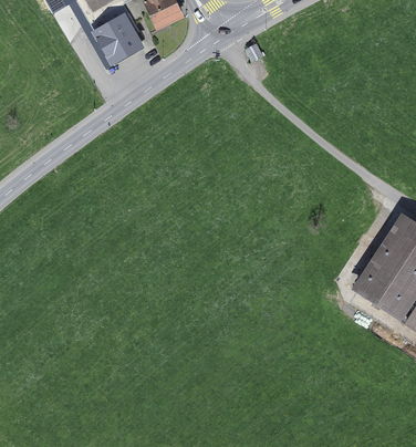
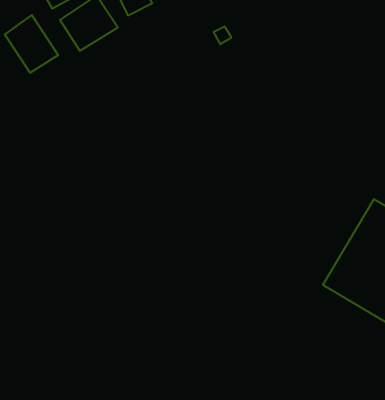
building: none -> [5,15,58,73]

